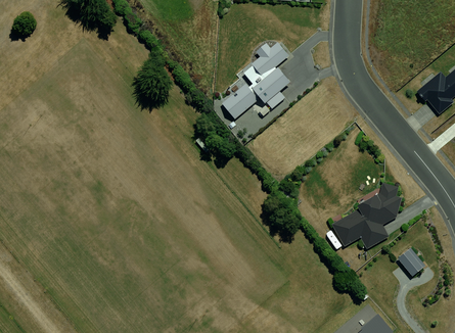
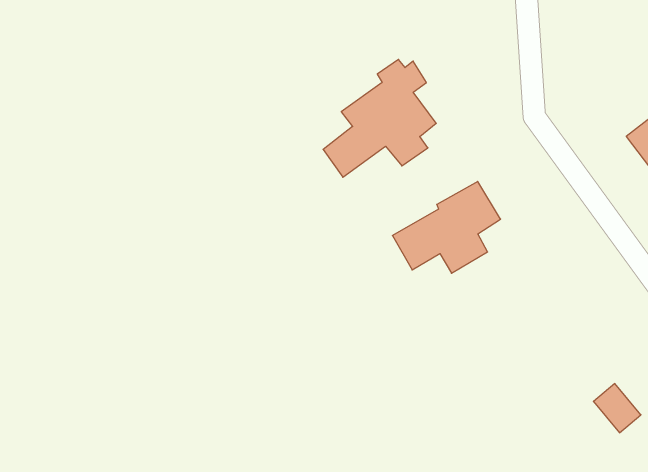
building: [330,191,398,248] -> [392,181,501,273]

